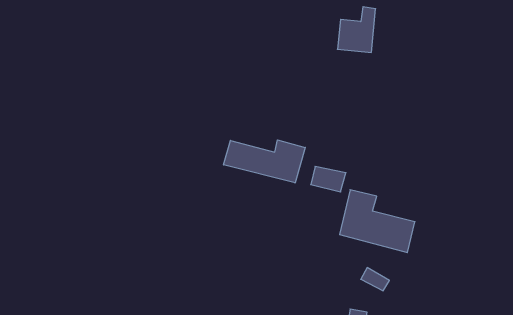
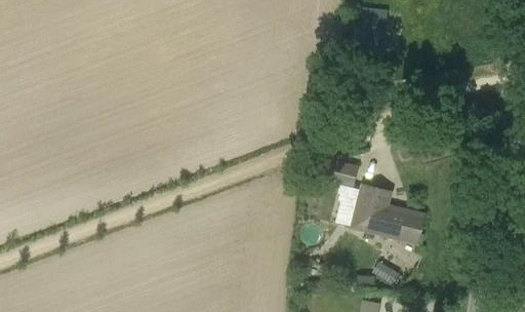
building: [224,140,305,183] -> none

